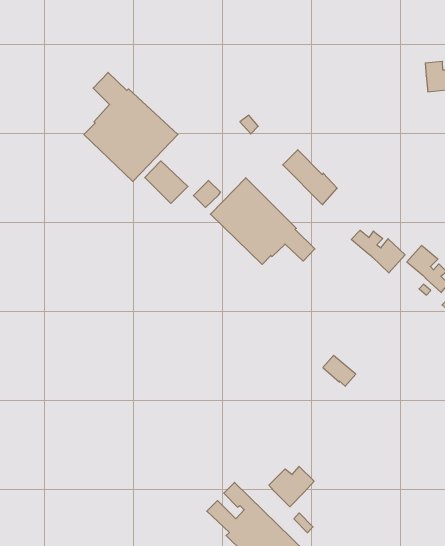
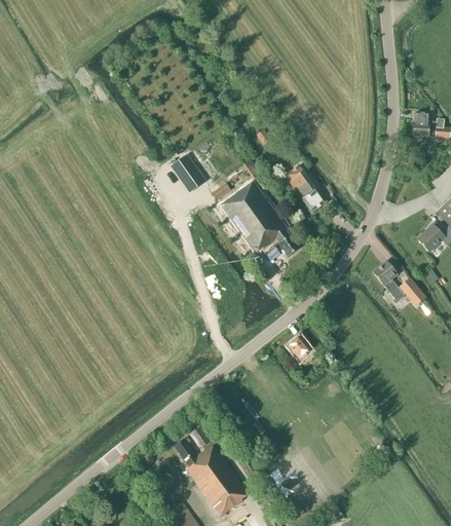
building: [84,72,178,181] -> none
building: [351,230,405,273] -> none
building: [269,466,314,507] -> none

